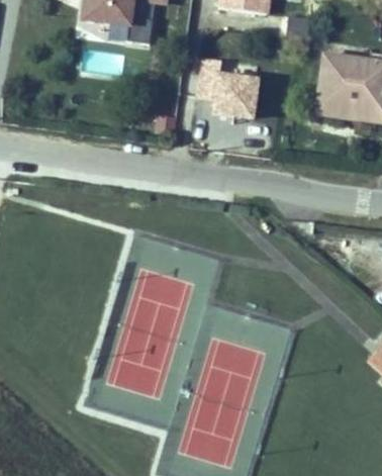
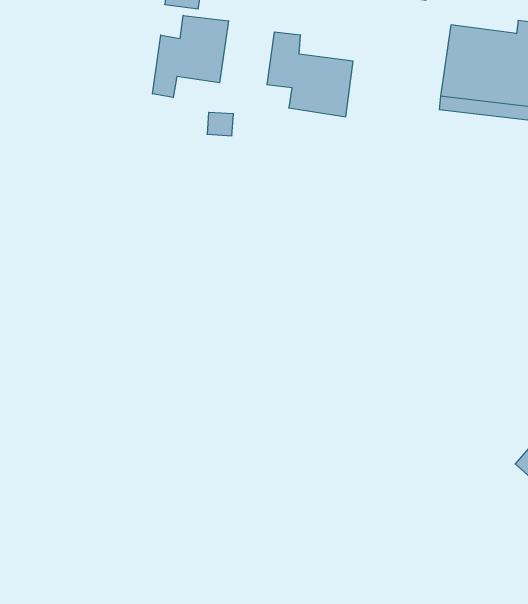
building: none -> [153,15,228,98]

